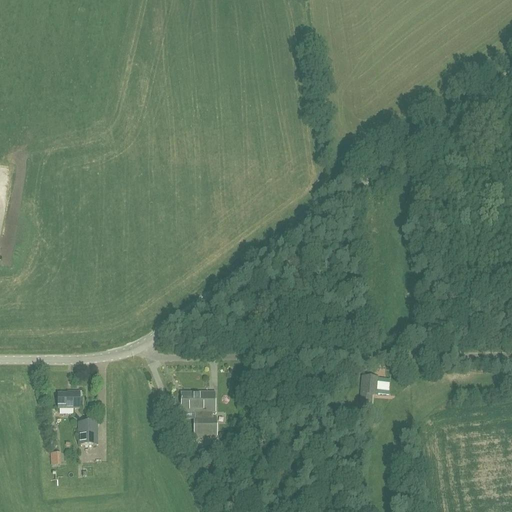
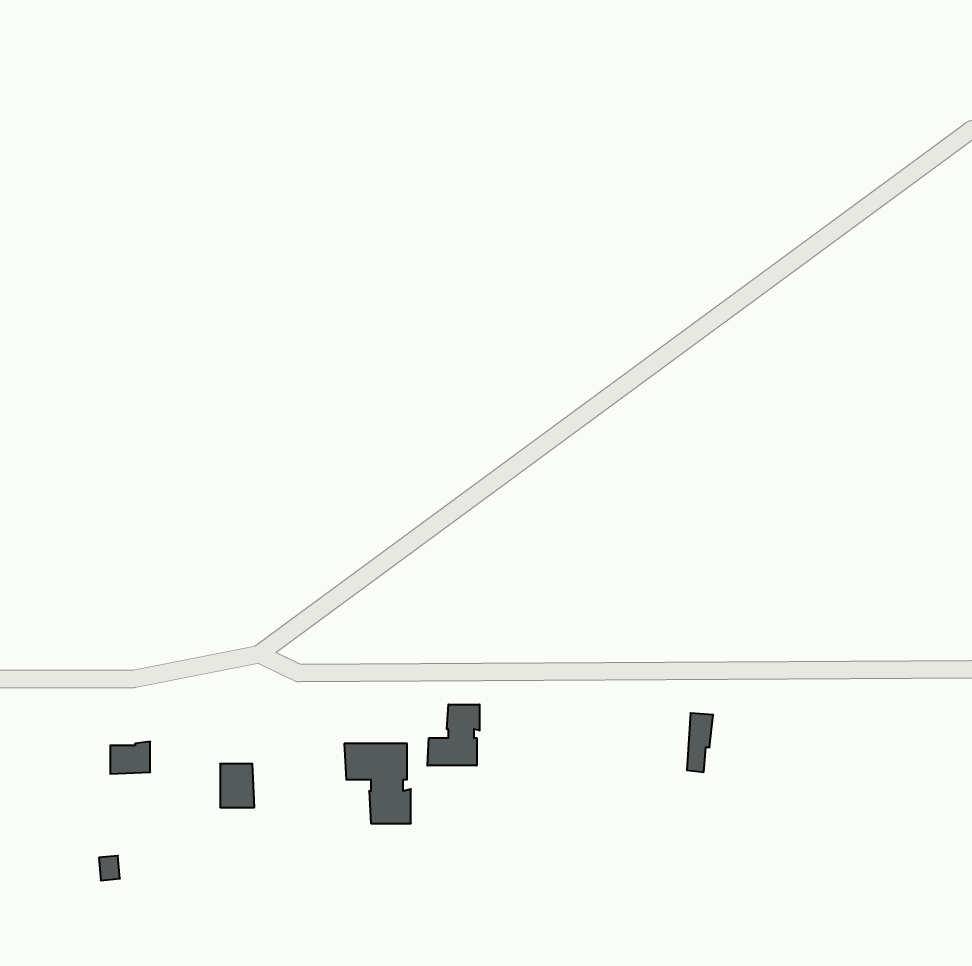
building: none -> [427,704,480,766]
building: [79,420,97,443] -> [220,764,254,807]

